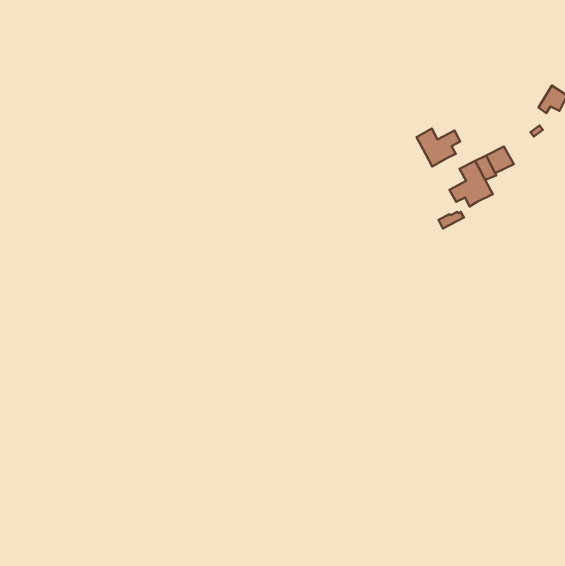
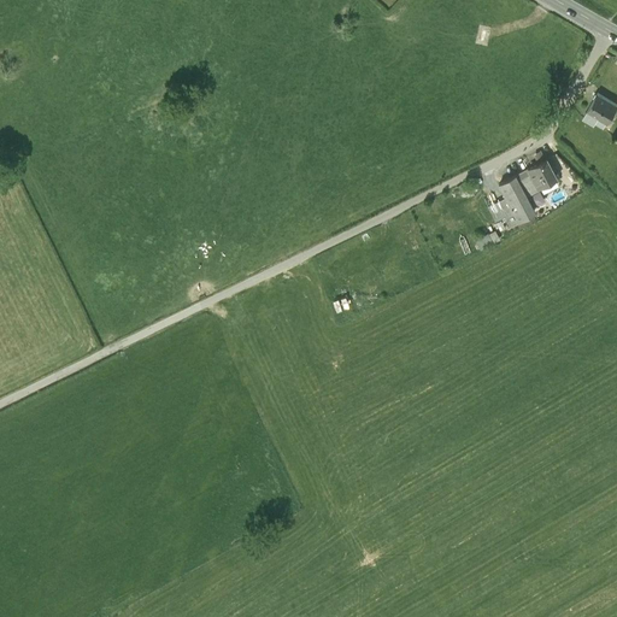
building: [417,129,460,167] -> none

